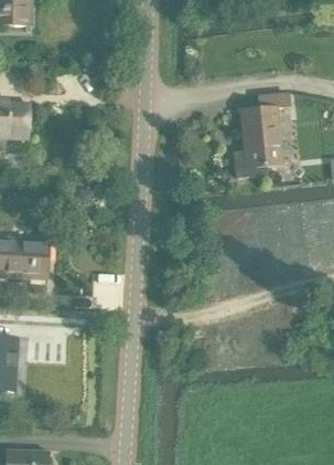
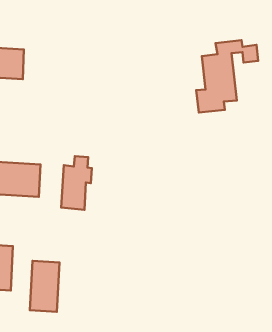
building: none -> [61,156,92,210]
building: none -> [30,261,59,312]

